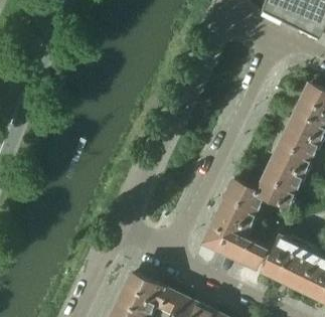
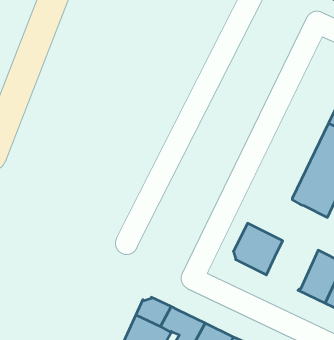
building: [219,178,265,225] -> none
building: [235,235,266,265] -> none

